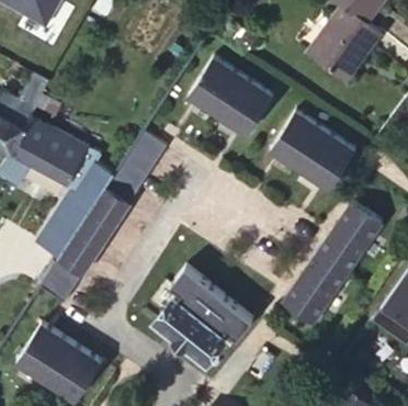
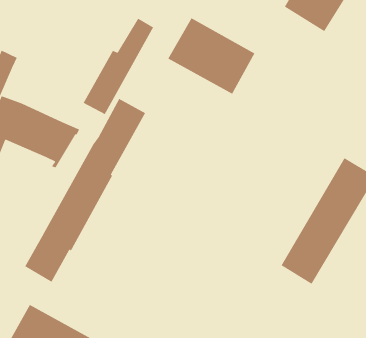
building: [271,114,356,192] -> none
building: [36,165,111,256] -> [82,18,154,115]
building: [155,270,251,364] -> none

